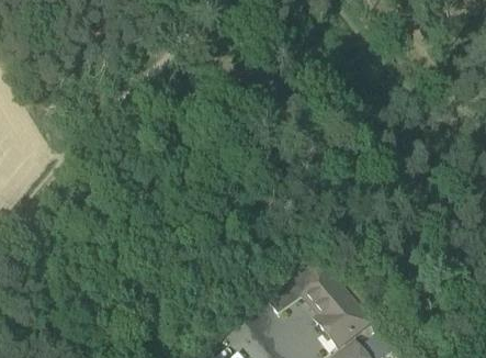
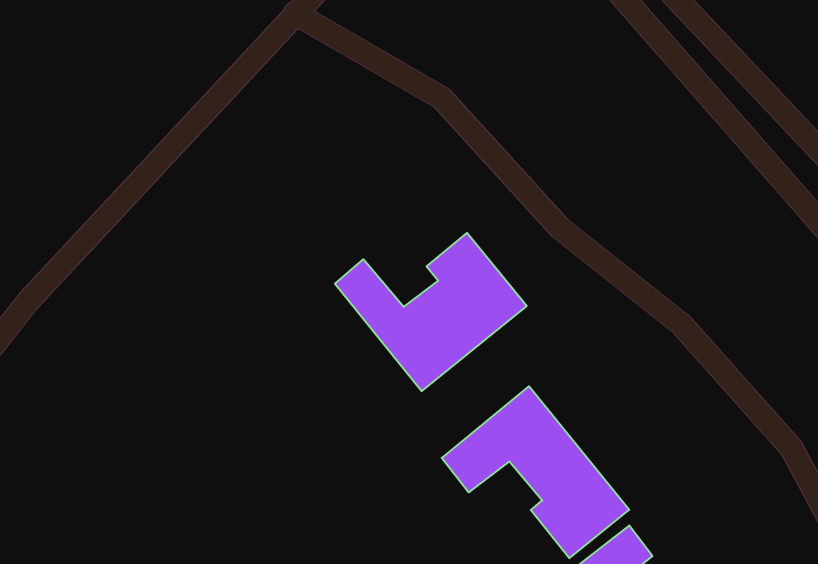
building: none -> [335,233,527,391]

